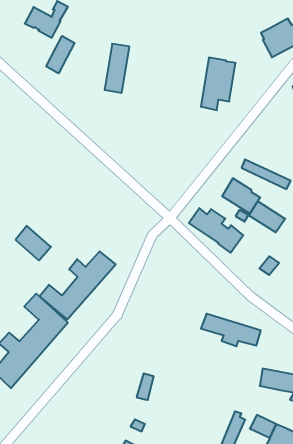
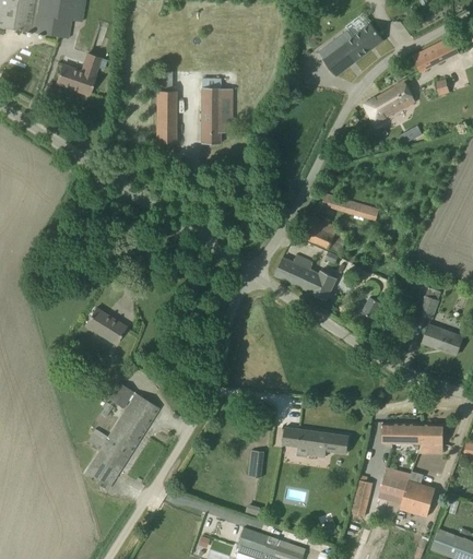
building: [46,36,75,73] -> none
building: [201,58,236,110] -> [201,87,232,144]
building: [249,201,285,232] -> none
building: [40,251,116,319] -> none
building: [201,314,261,346] -> [282,427,348,457]

